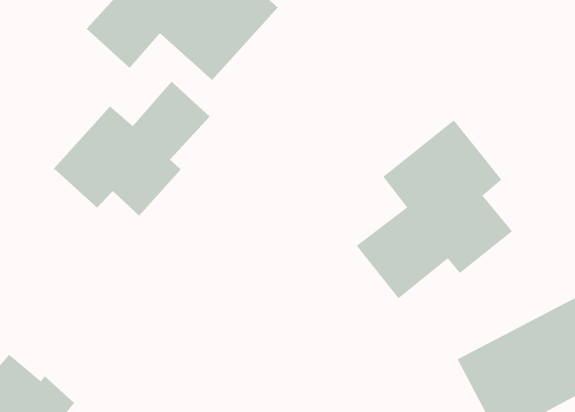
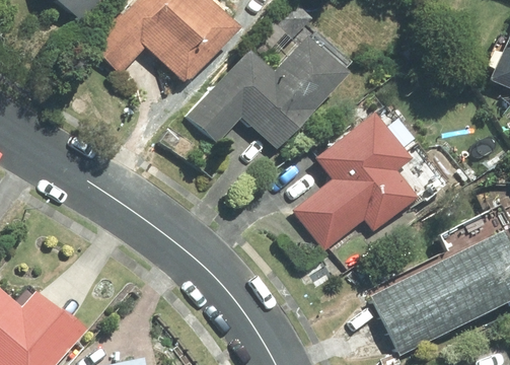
building: none -> [192,36,346,148]
building: [53,81,211,216] -> none

